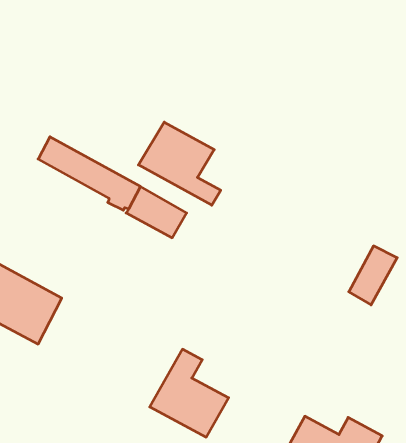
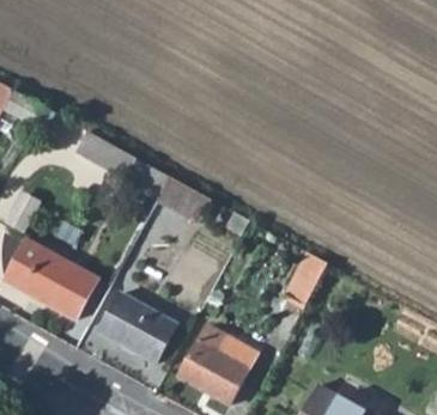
building: [138,122,221,205] -> none
building: [349,246,397,305] -> [284,252,328,306]
building: none -> [98,292,176,364]

